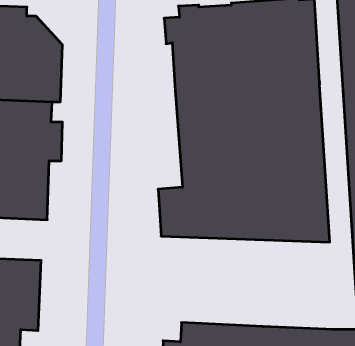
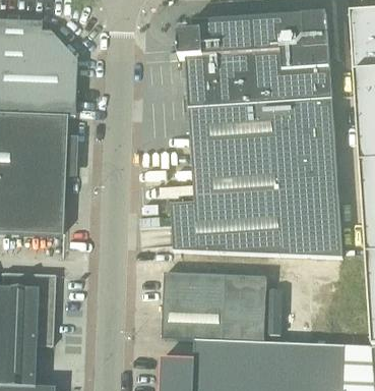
building: none -> [175,270,279,340]

